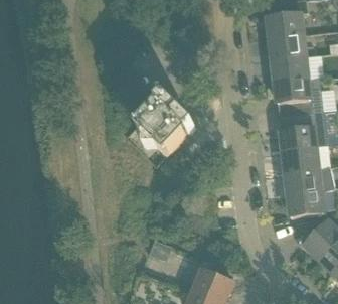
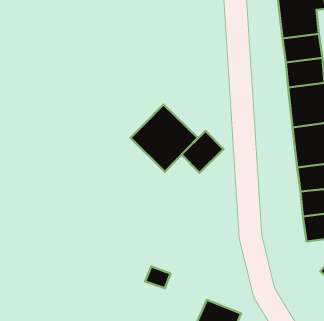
building: none -> [182,131,223,173]

